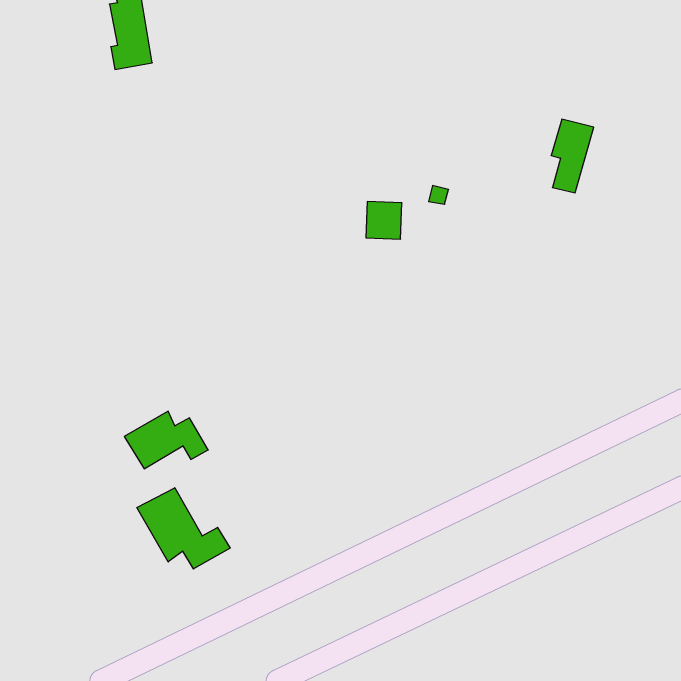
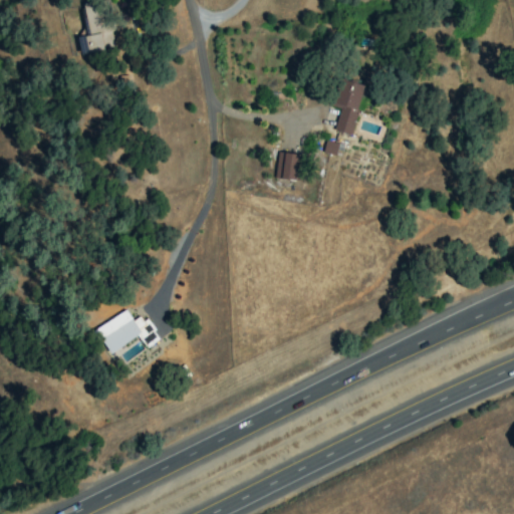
building: [551,119,594,193] -> [333,78,365,134]
building: [137,488,230,569] -> none

